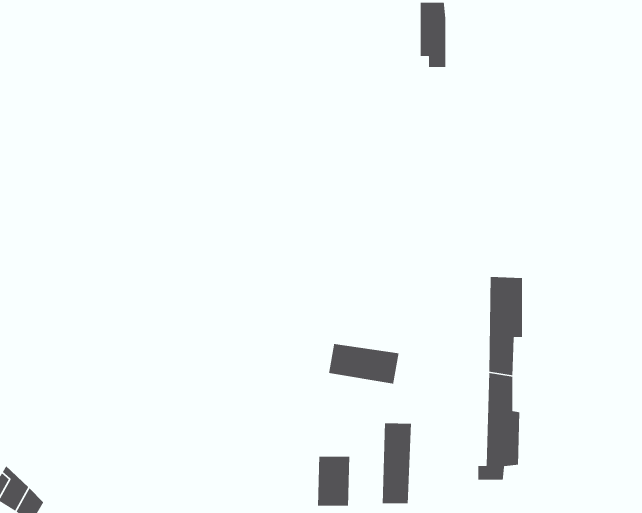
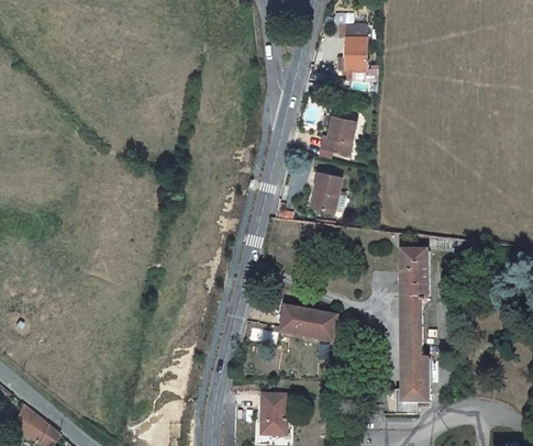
building: none -> [318,116,353,153]
building: none -> [313,171,342,212]
building: [382,423,412,504] -> none

